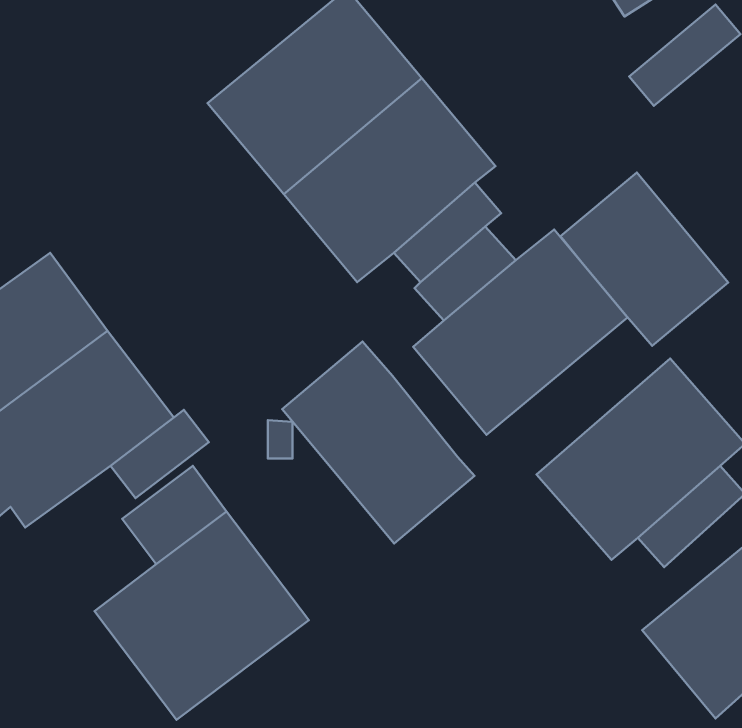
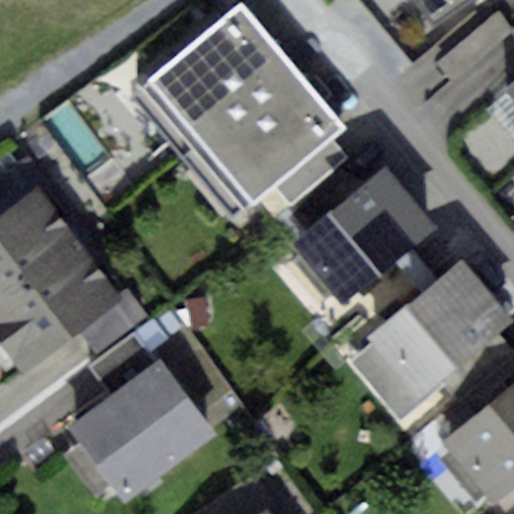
building: [561,173,728,346] -> none
building: [282,342,474,543] -> none

